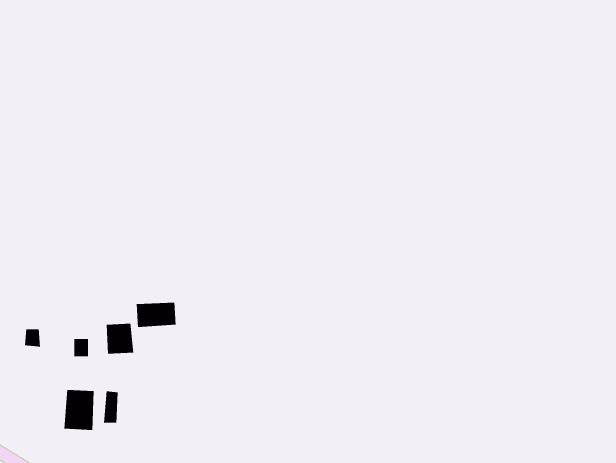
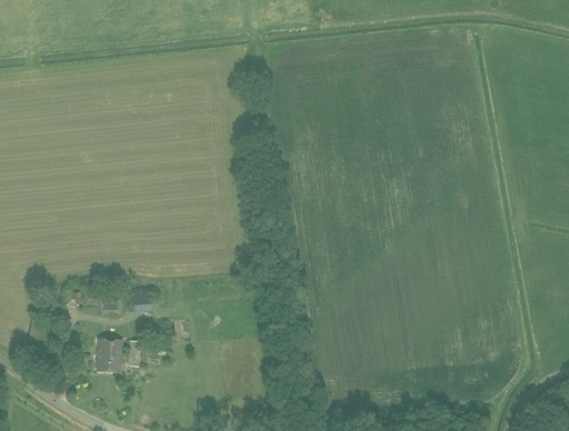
building: [136,302,176,328] -> none

